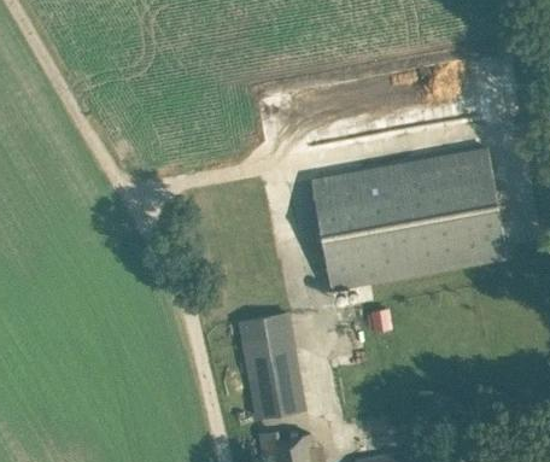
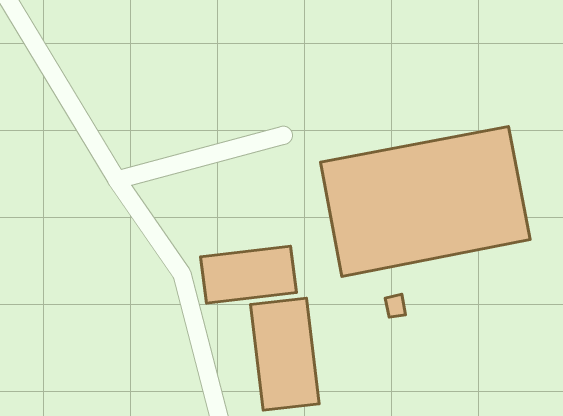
building: none -> [201,246,296,303]

